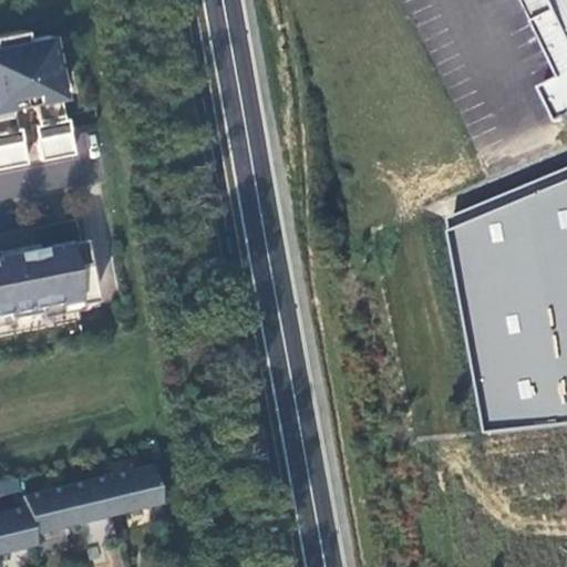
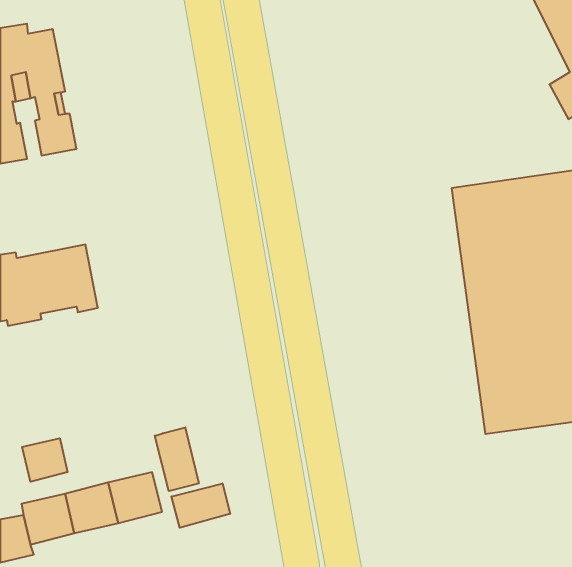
building: none -> [155,427,199,491]
building: none -> [22,438,68,482]
building: none -> [171,483,230,528]

